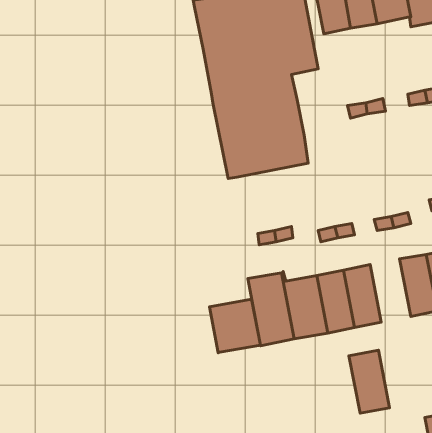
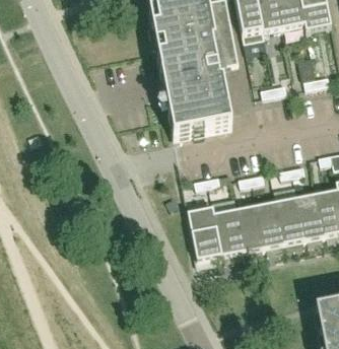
building: [209,299,260,353] -> none
building: [349,350,390,413] -> [276,196,306,241]

